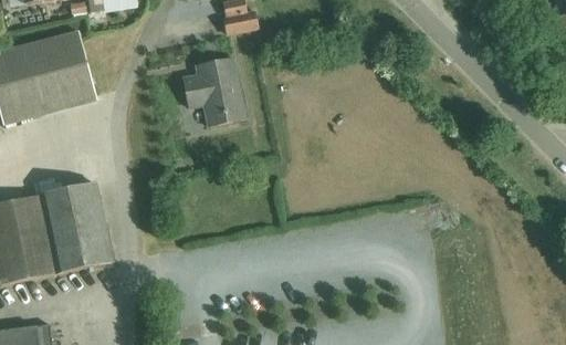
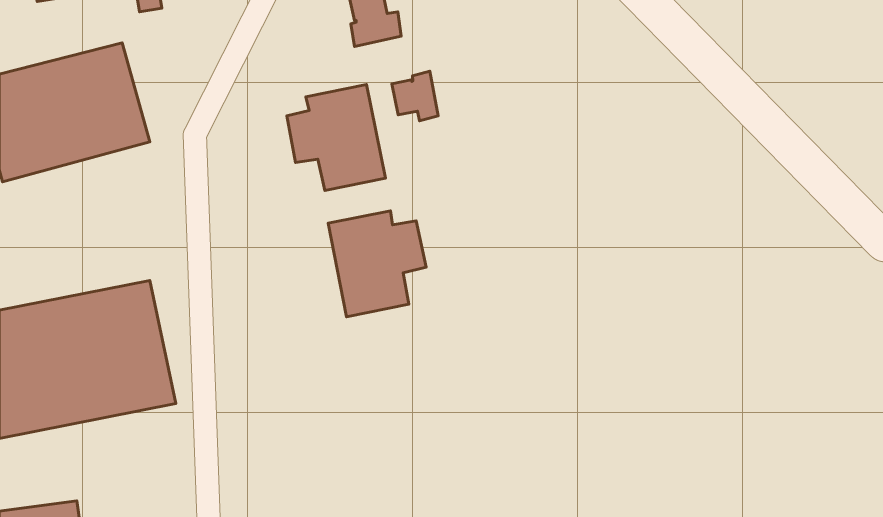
building: none -> [392,71,438,121]
building: none -> [328,211,426,317]

